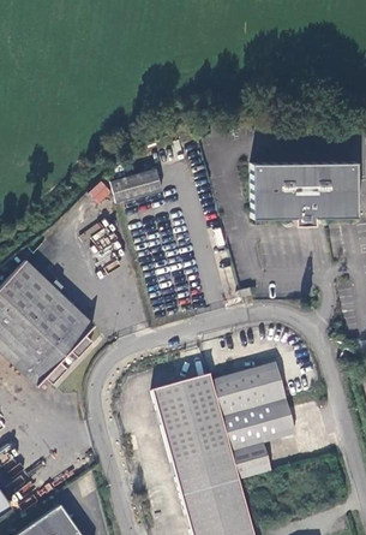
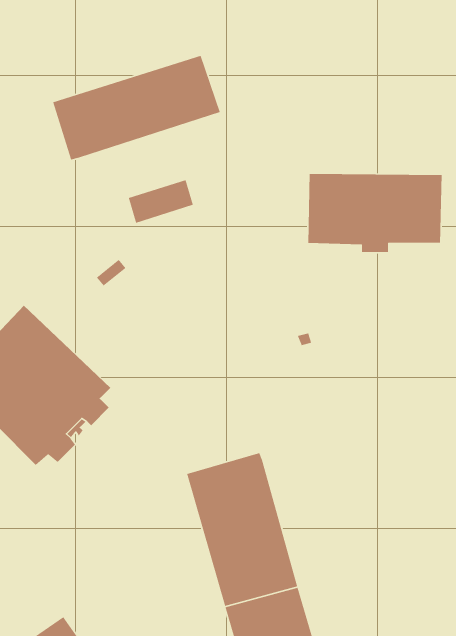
building: none -> [52,55,221,160]
building: [212,363,296,480] -> none

